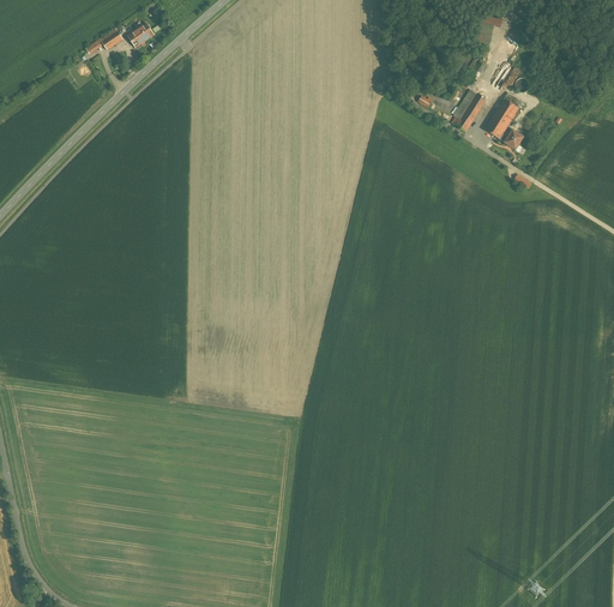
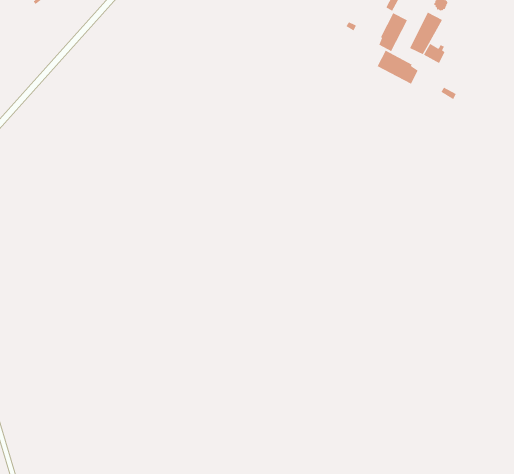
building: none -> [377,50,418,84]

